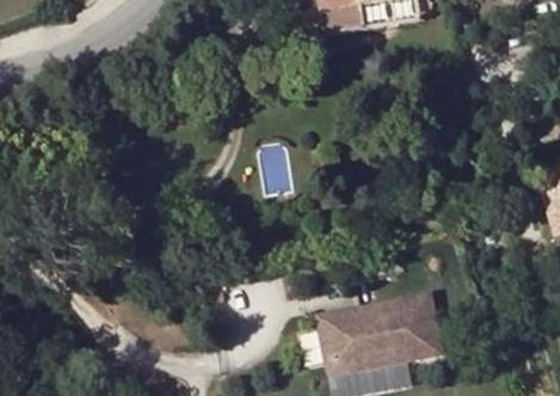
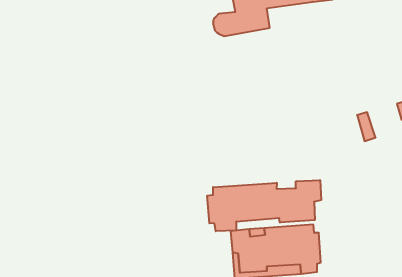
building: none -> [207,180,321,231]

